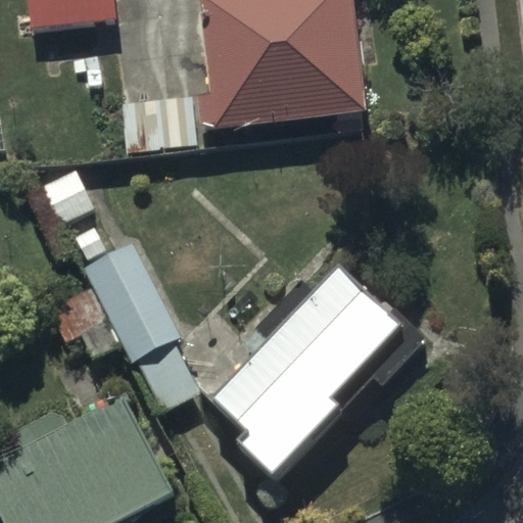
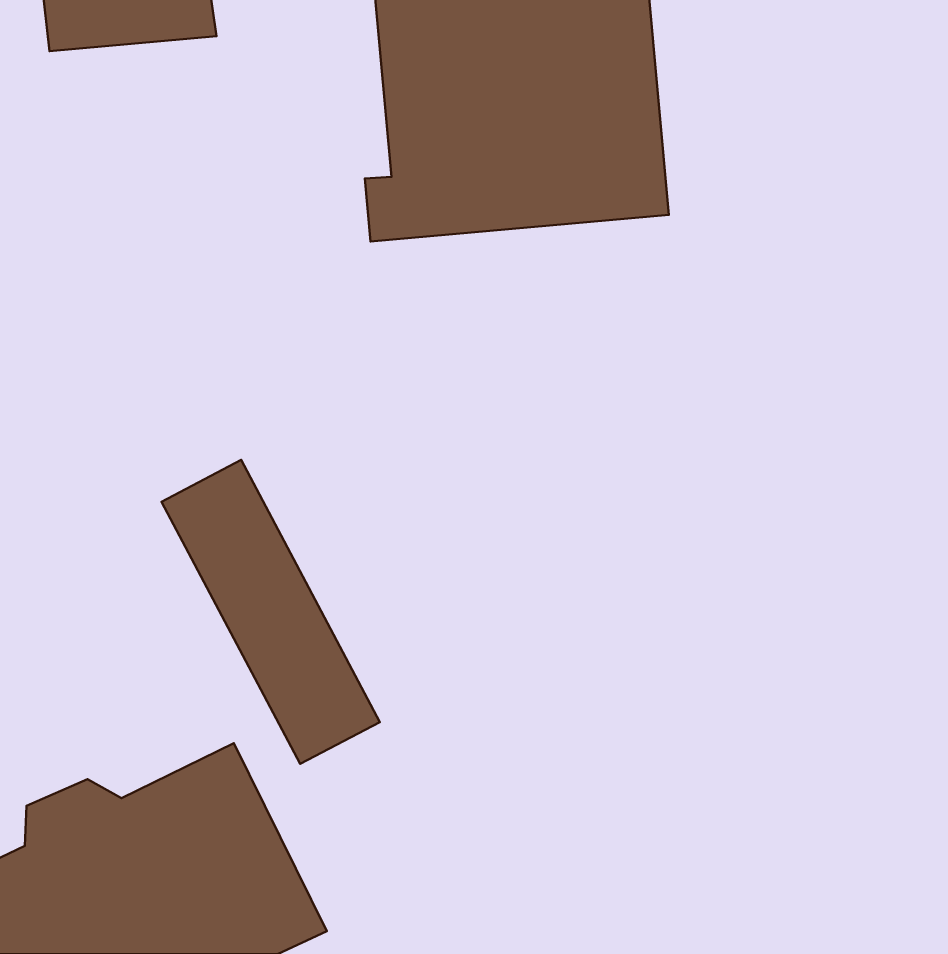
building: [207,263,409,481] -> none

